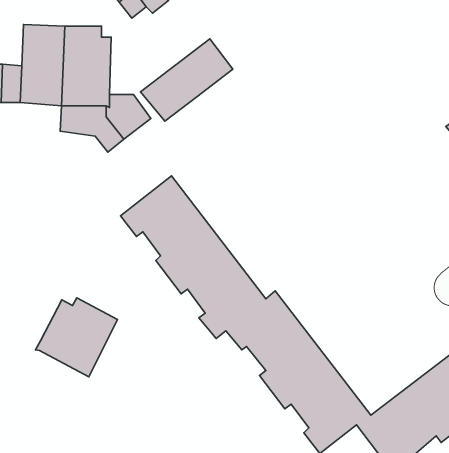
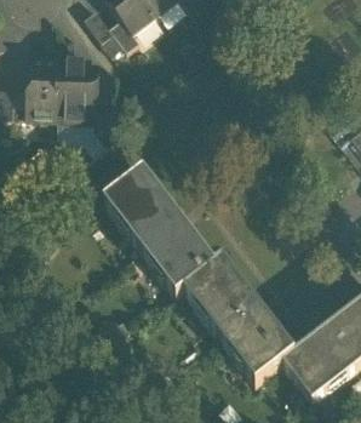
building: [140,39,233,121] -> none
building: [35,298,117,377] -> none

